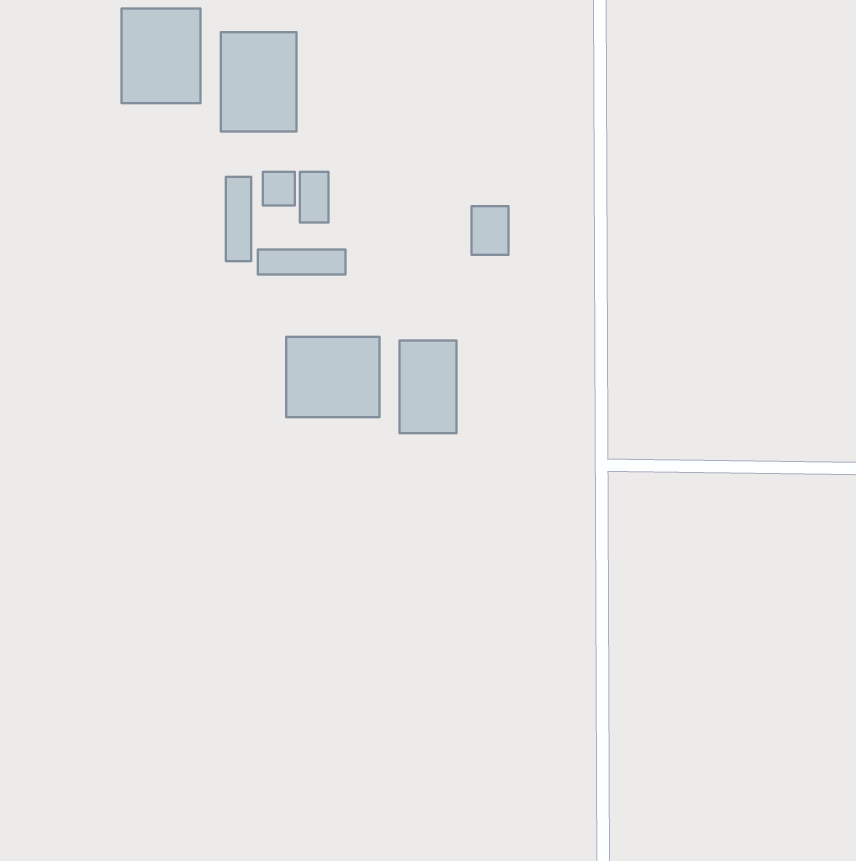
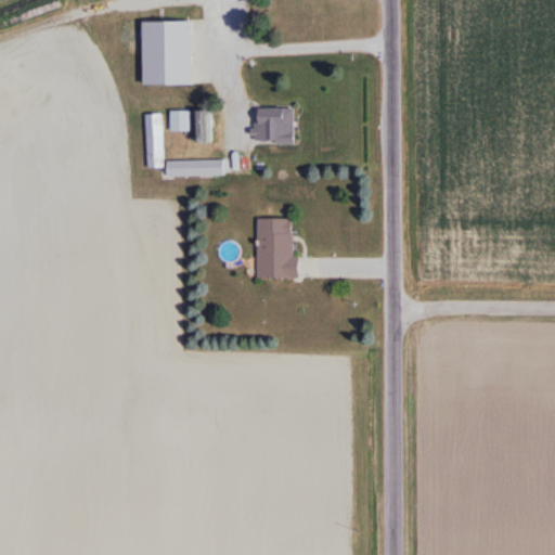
building: [122,9,200,103] -> none
building: [471,206,509,255] -> [259,109,283,141]
building: [286,337,380,417] -> none

